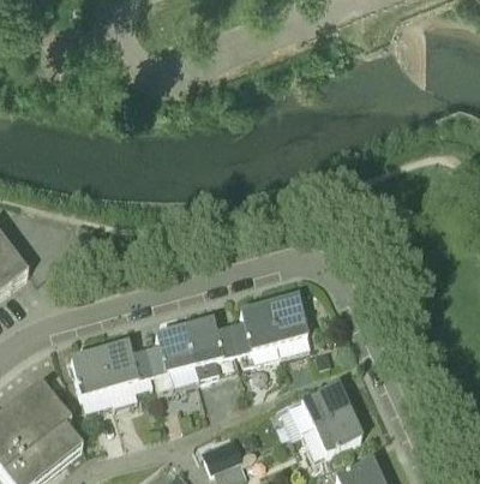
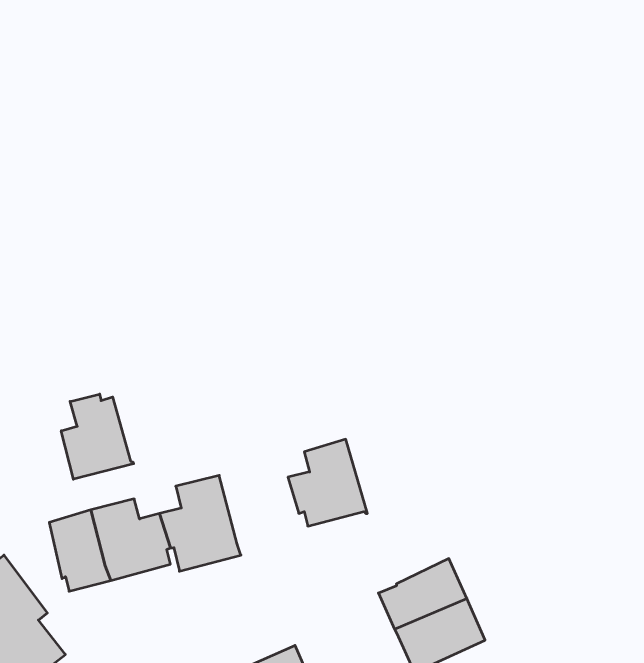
building: none -> [61,394,134,479]
building: [268,294,310,351] -> none
building: [184,317,236,372] -> none

